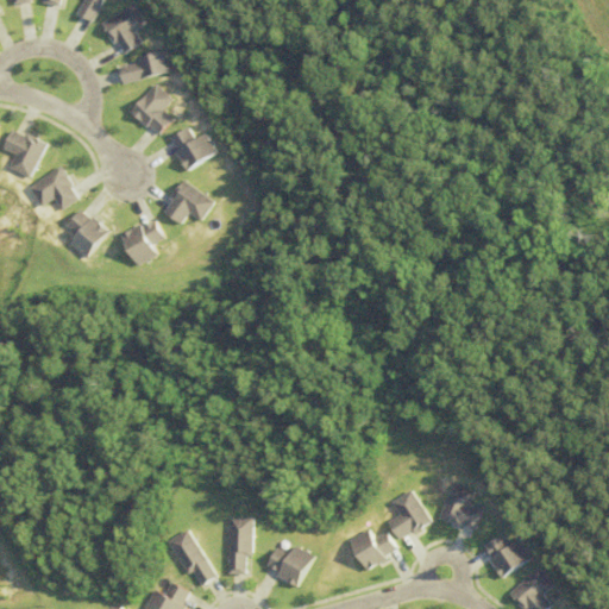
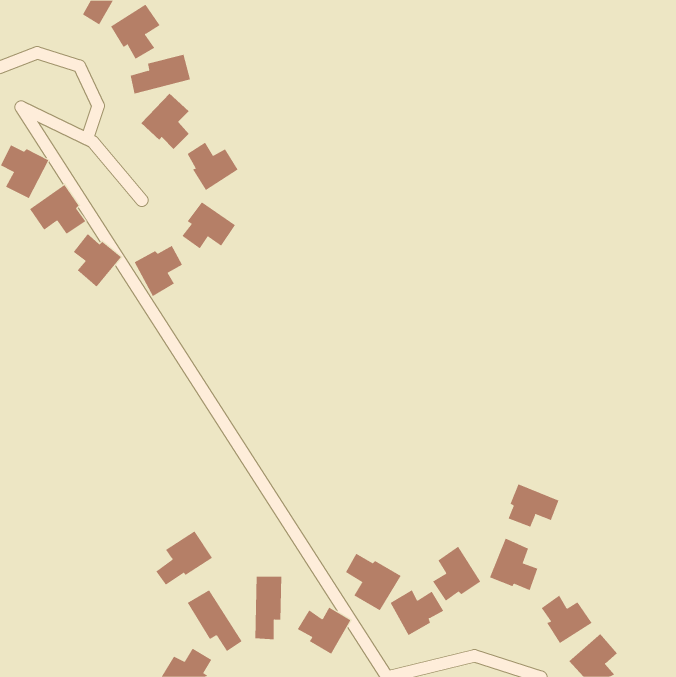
building: none -> [508,483,559,528]
building: none -> [155,531,213,585]
building: none -> [345,553,401,611]

